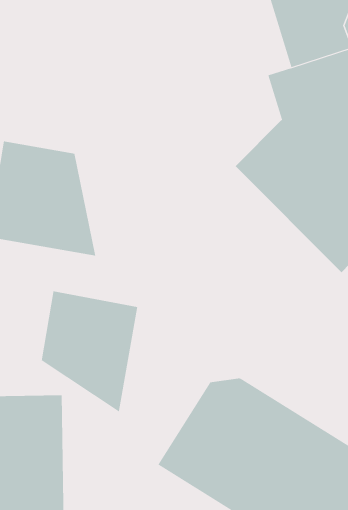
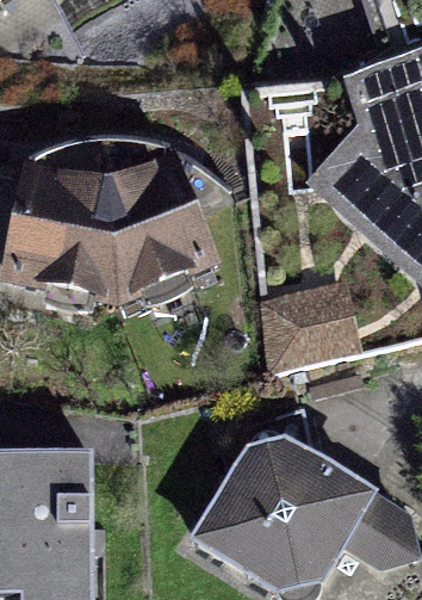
building: none -> [104,149,223,297]
building: none -> [257,268,360,370]
building: [41,291,138,413] -> none

